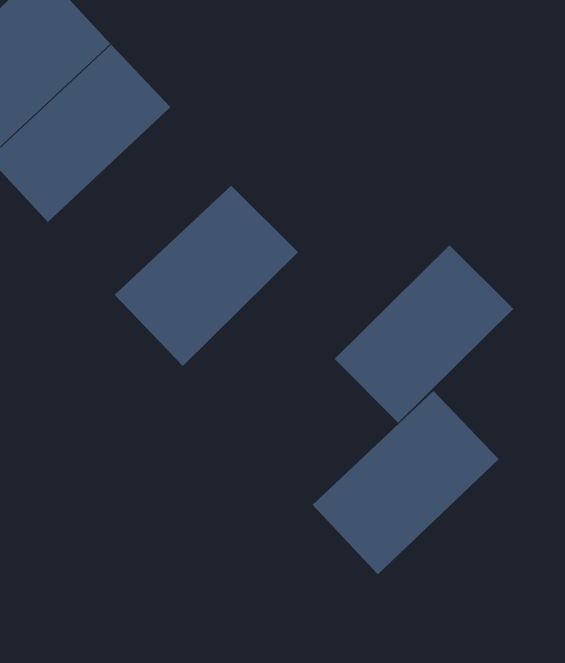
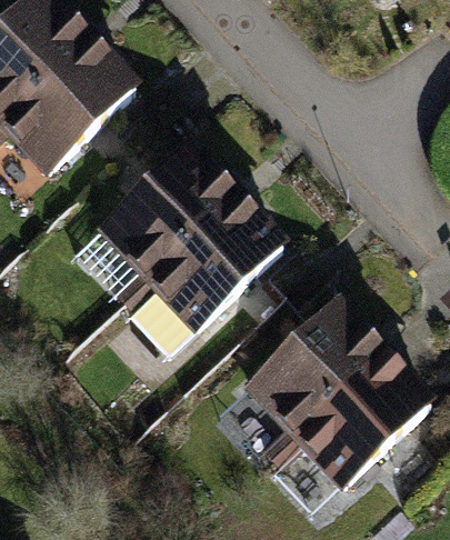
building: [334,244,514,423] -> [144,196,281,331]
building: none -> [292,352,428,487]

